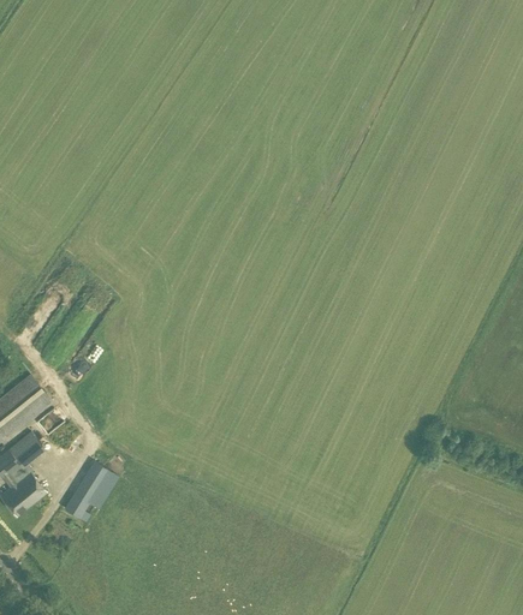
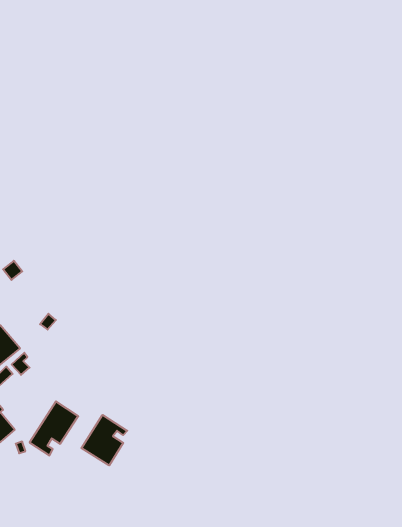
building: none -> [81,415,127,465]

